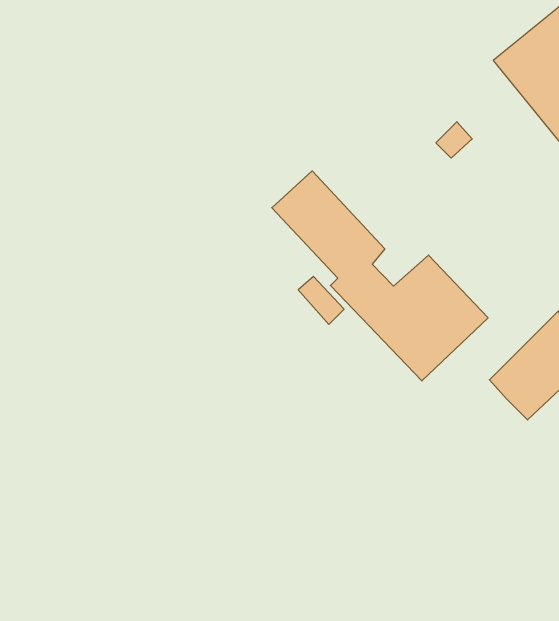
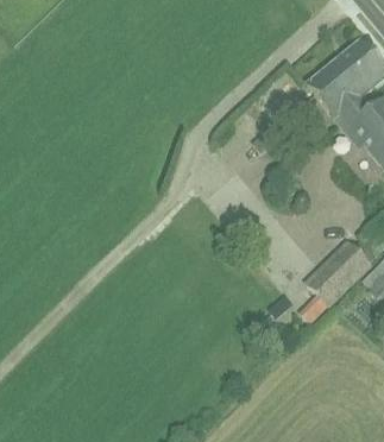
building: [272,171,488,381] -> none

